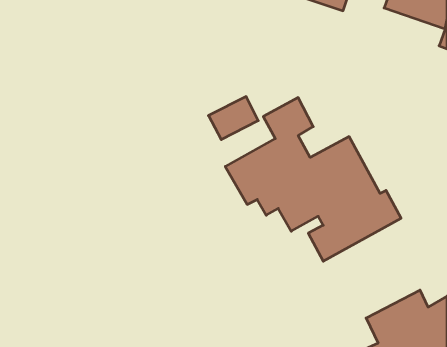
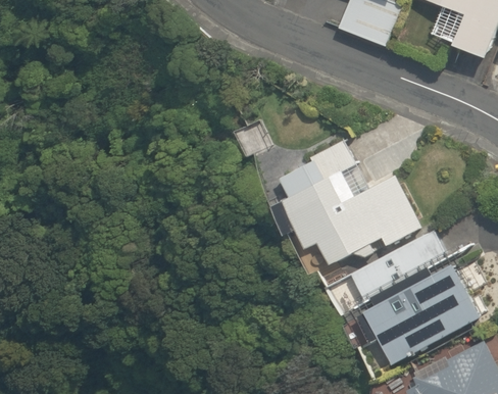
building: none -> [353,262,480,379]

